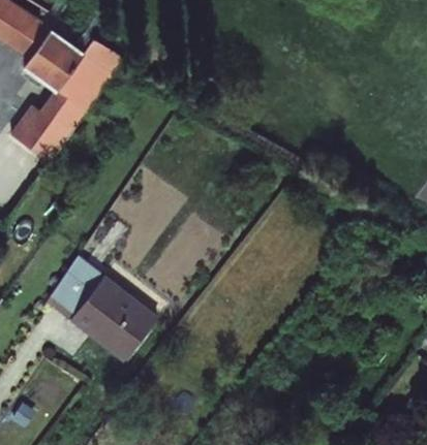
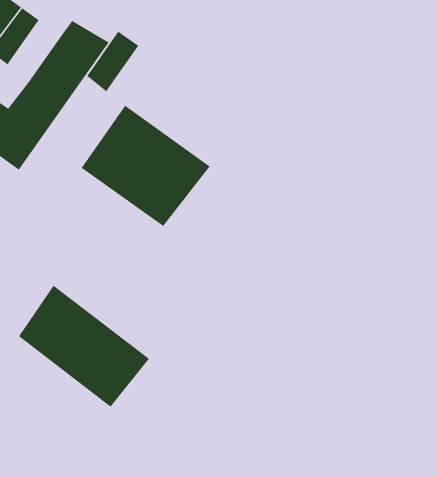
building: [38,38,82,89] -> [87,31,139,92]
building: none -> [81,105,210,227]

